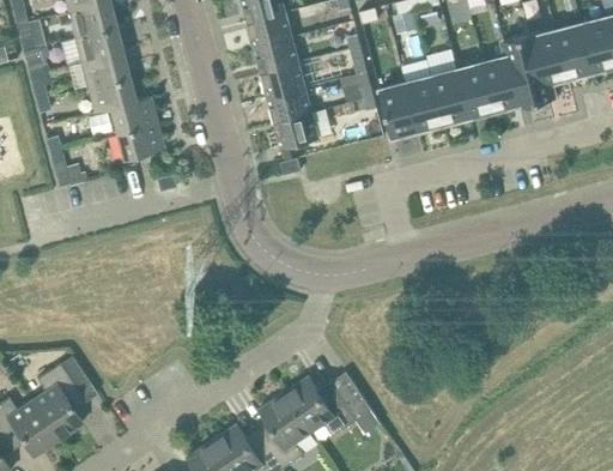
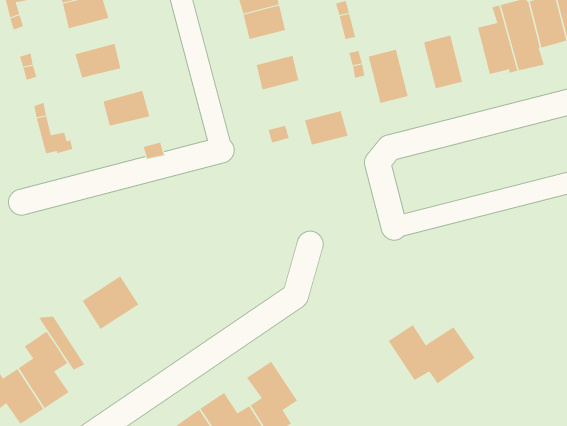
building: [81,50,128,86] -> none
building: [462,60,500,114] -> none
building: [261,62,305,97] -> none
building: [408,74,447,128] -> none
building: [109,96,156,133] -> none
building: [274,113,318,147] -> [304,110,349,145]
building: none -> [82,275,139,330]
building: [284,375,371,435] -> [388,324,476,384]

